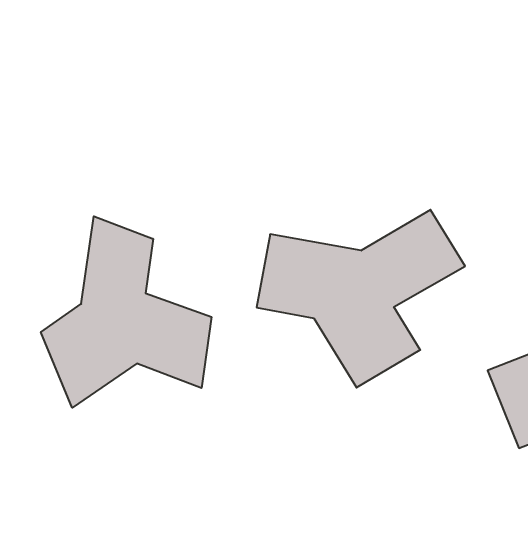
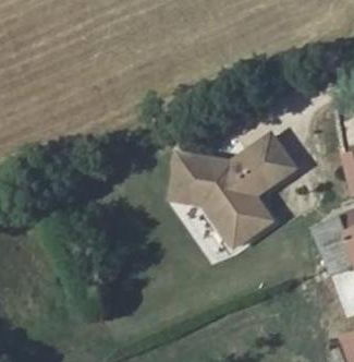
building: [41,216,211,408] -> none

